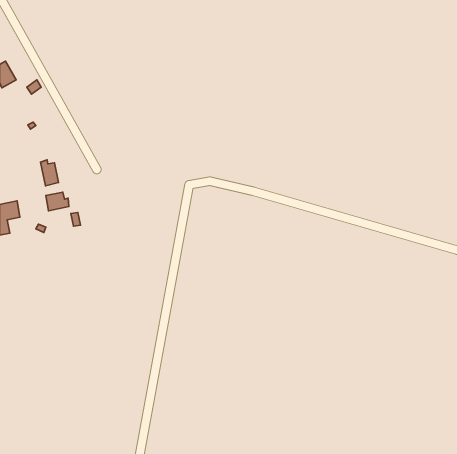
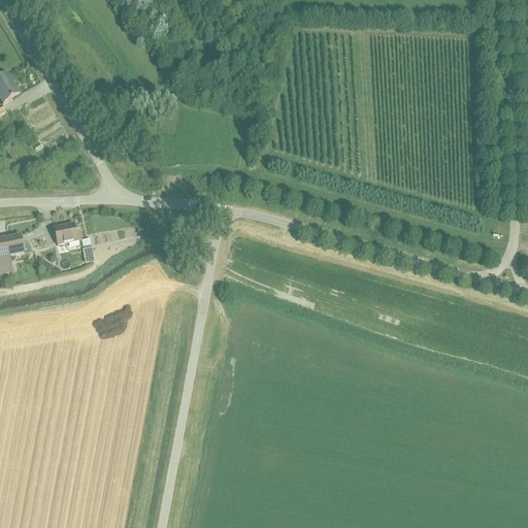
building: [41,160,58,186] -> none

